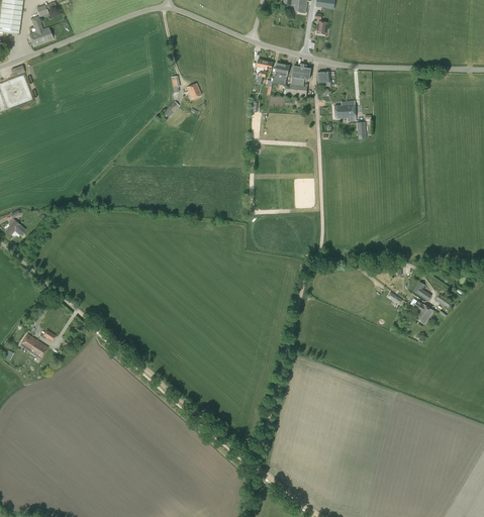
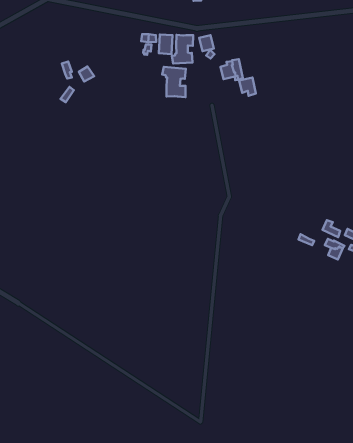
building: none -> [162,67,186,97]

